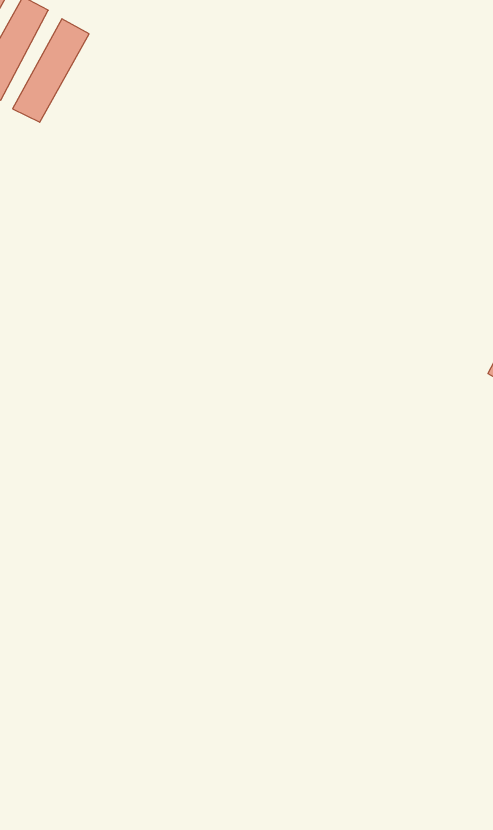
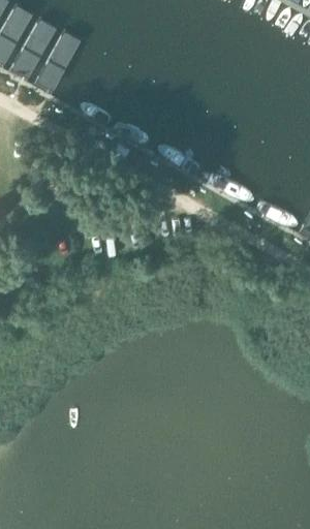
building: none -> [34,30,81,94]

